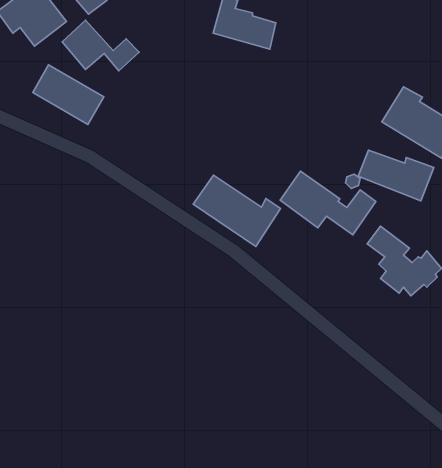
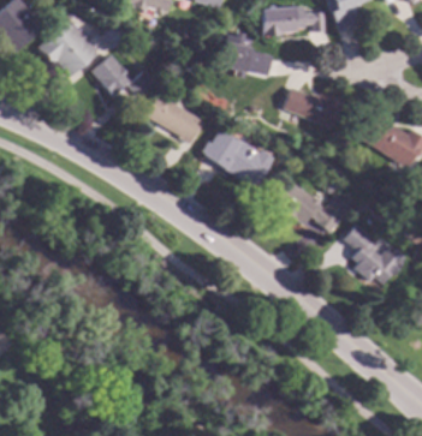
building: [33,65,104,125] -> [147,92,206,142]
building: [358,150,434,201] -> [280,85,343,127]
building: [193,175,280,246] -> [204,129,277,187]

